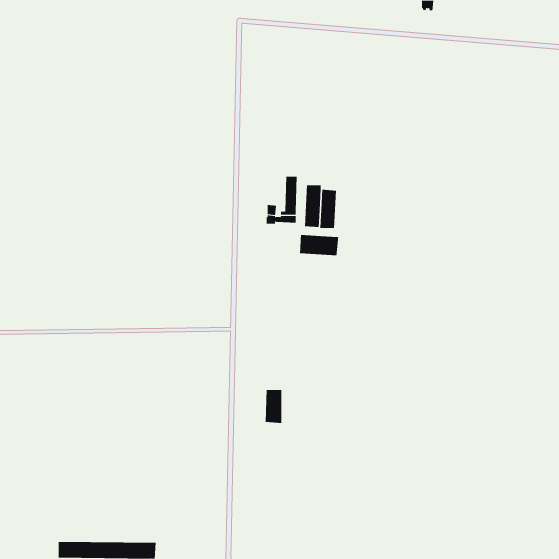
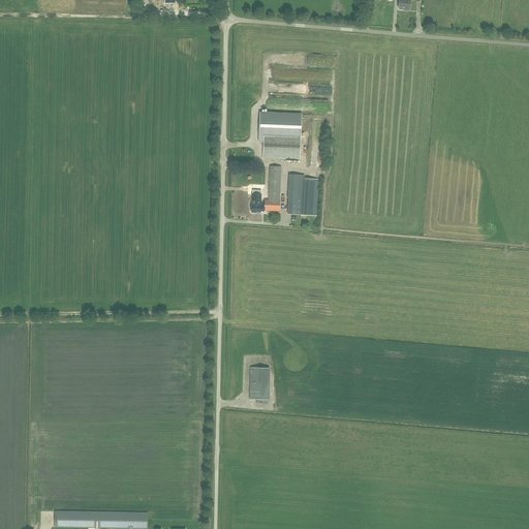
building: none -> [258,112,302,160]
building: [300,234,339,256] -> none

